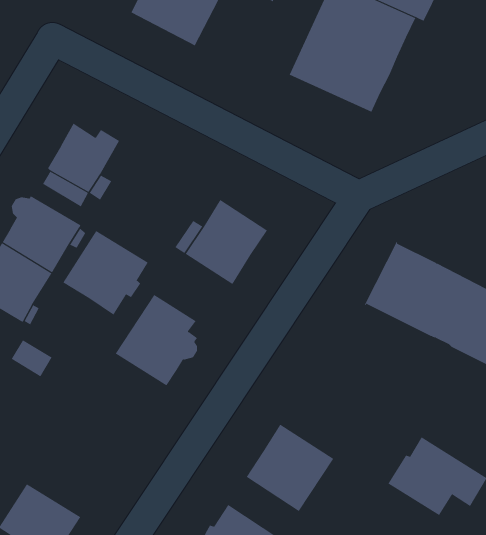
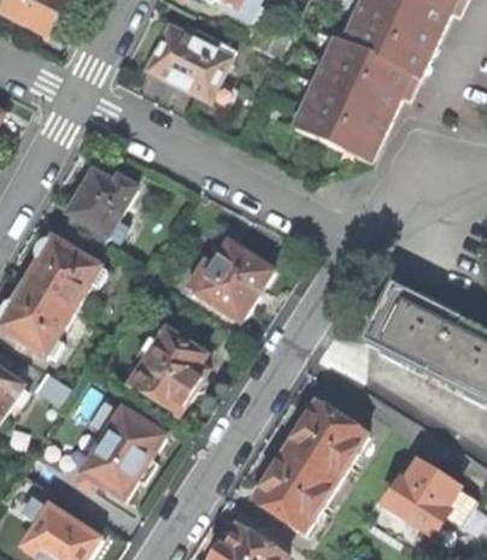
building: [63,230,148,315] -> none
building: none -> [284,400,366,482]
building: none -> [77,408,166,500]

